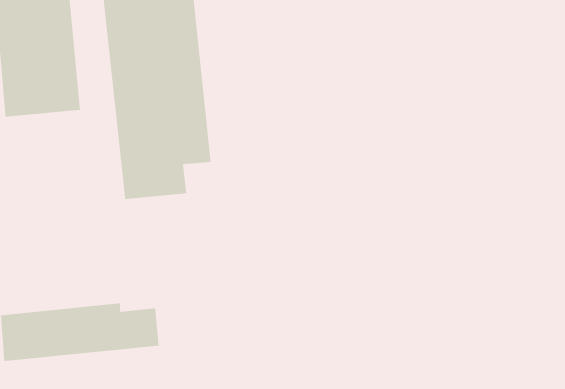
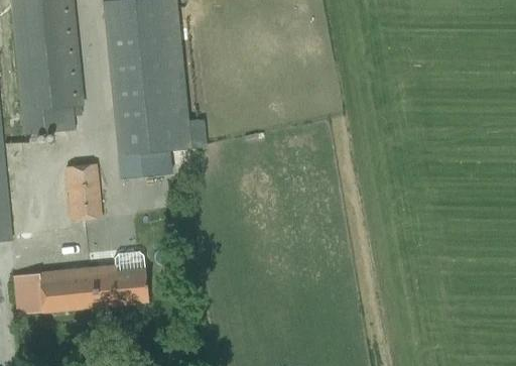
building: none -> [21,105,76,134]
building: none -> [69,162,105,220]

